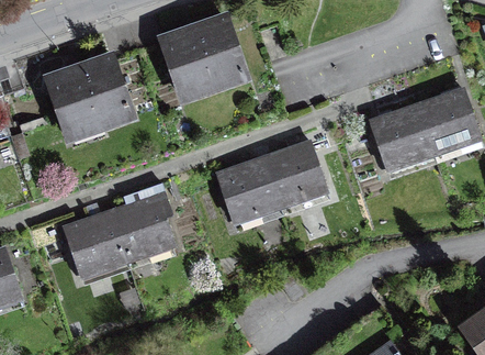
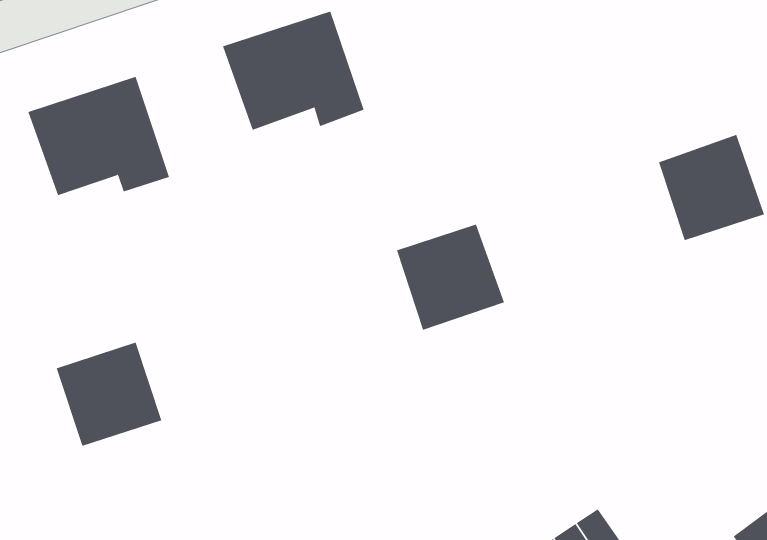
building: [371,108,433,169] -> none
building: [217,159,280,223] -> none
building: [112,184,173,259] -> none

